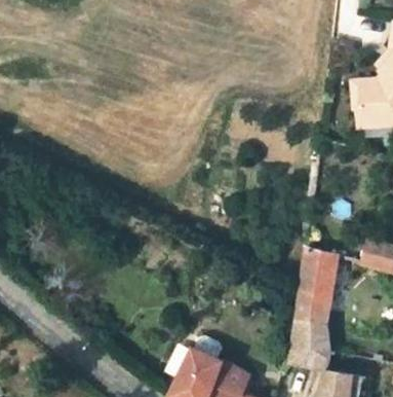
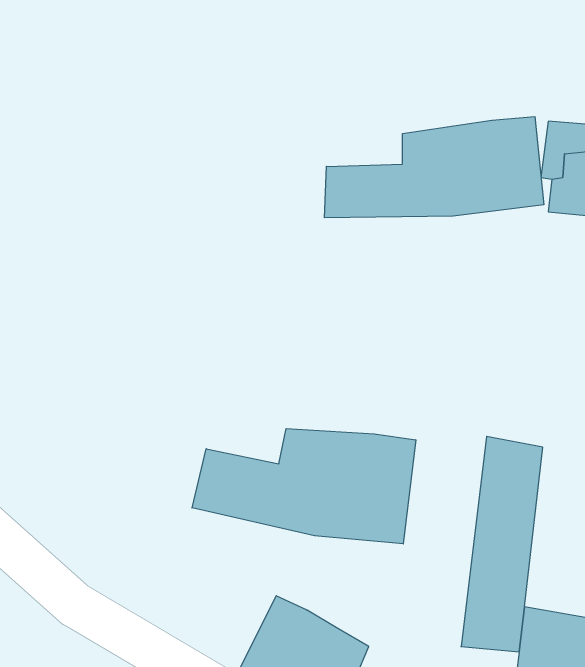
building: none -> [324,117,544,218]
building: none -> [192,429,416,544]

